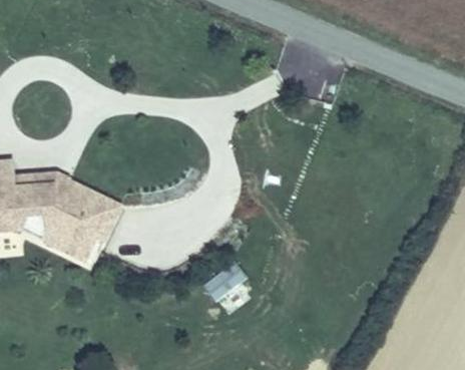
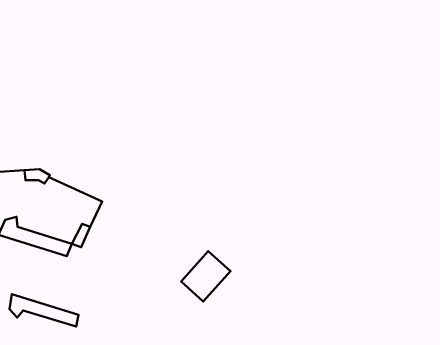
building: none -> [10,294,79,327]

